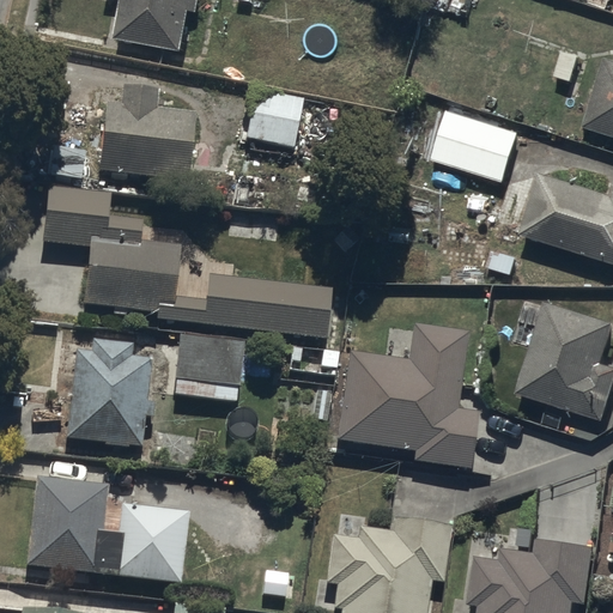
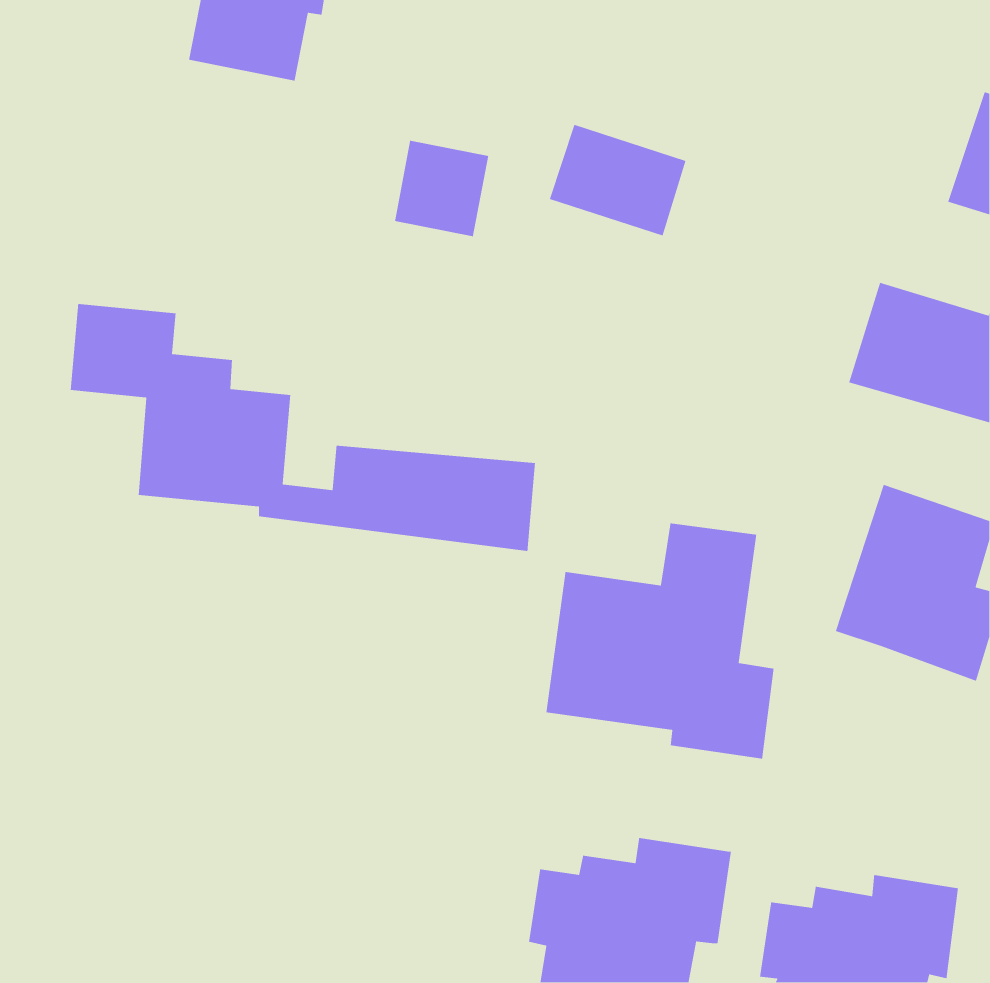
building: [97,85,195,178] -> none
building: [433,110,518,180] -> [549,124,687,236]
building: [172,335,242,399] -> none
building: [67,340,153,447] -> none
building: [26,478,189,584] -> none

